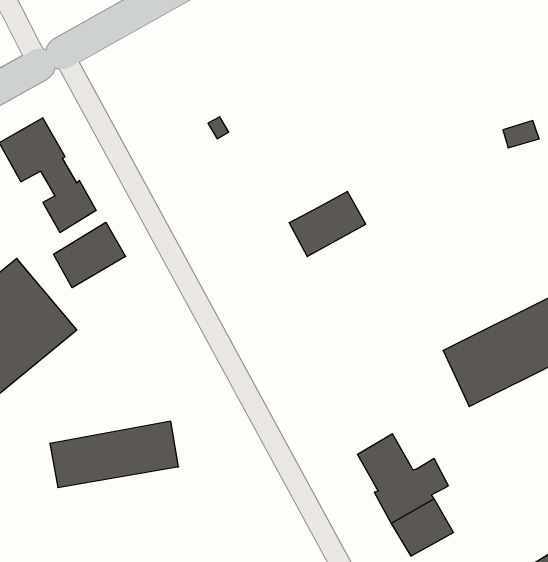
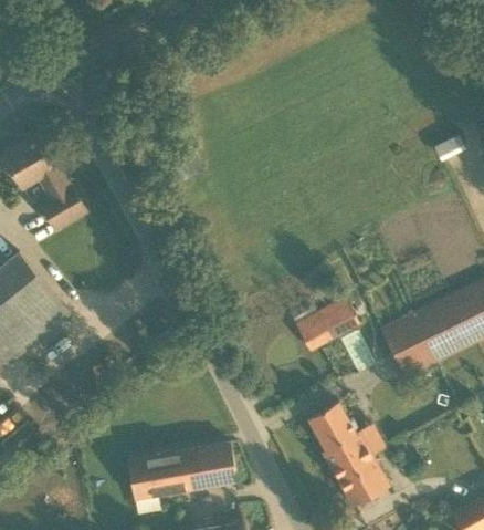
building: [289,192,366,257] -> [294,295,359,351]
building: [54,222,126,288] -> none
building: [50,421,179,488] -> [127,441,236,498]

